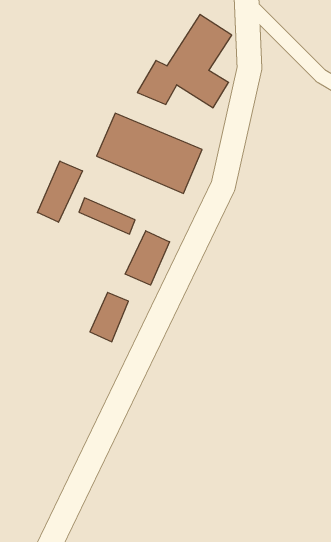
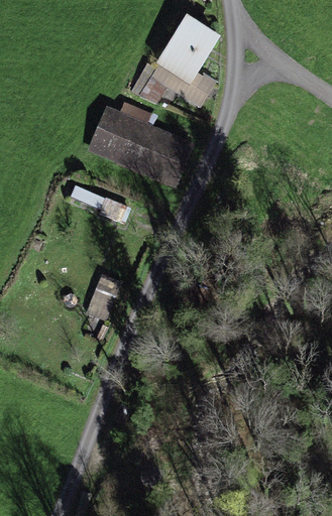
building: [37,161,82,222] -> none
building: [125,231,170,285] -> none

